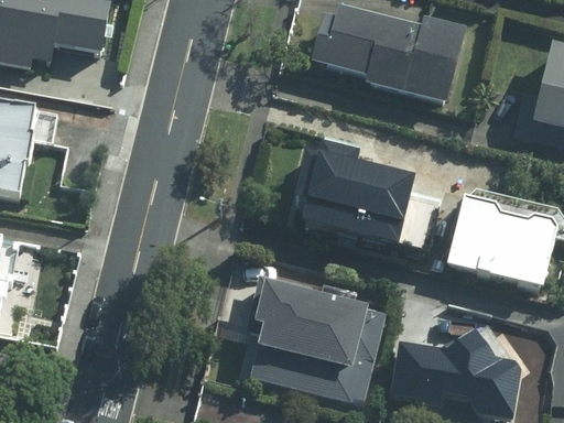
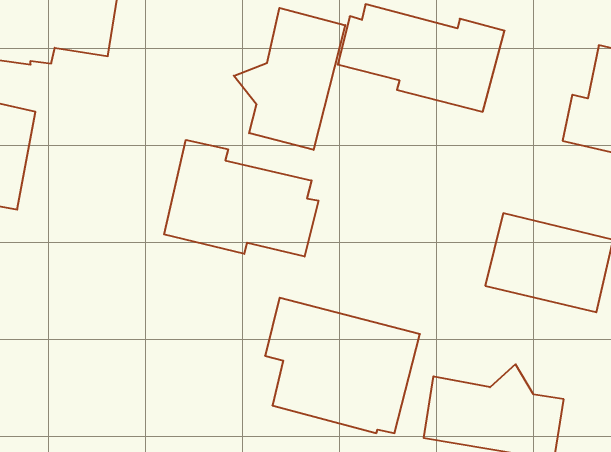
building: none -> [234,8,345,150]
building: none -> [164,140,318,257]
building: [292,142,437,257] -> none

